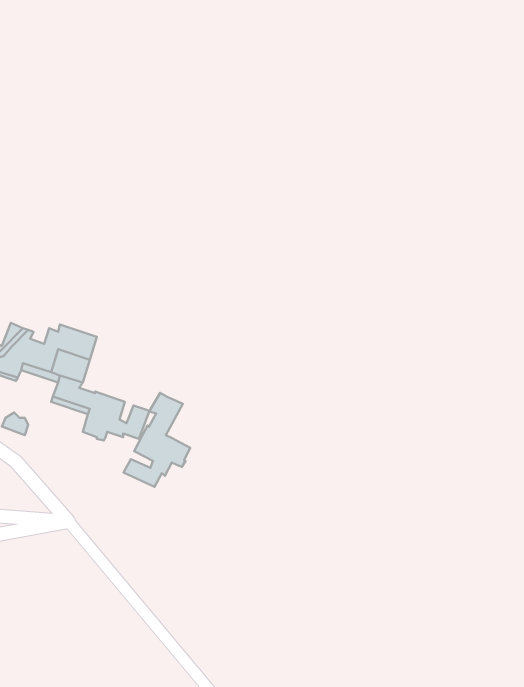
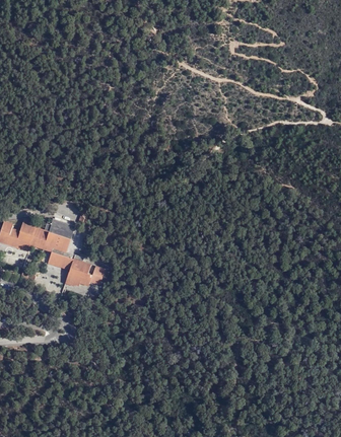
building: [124,393,190,487] -> none

